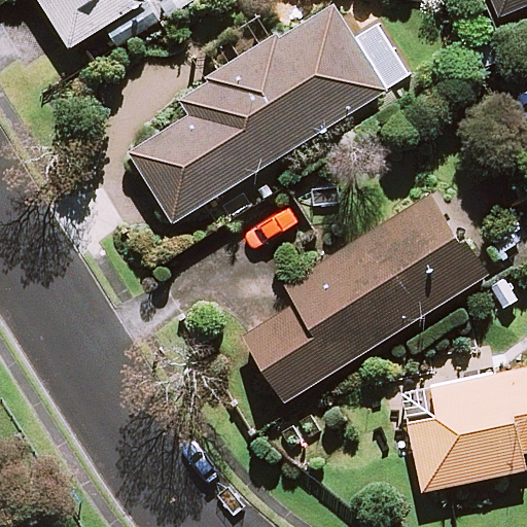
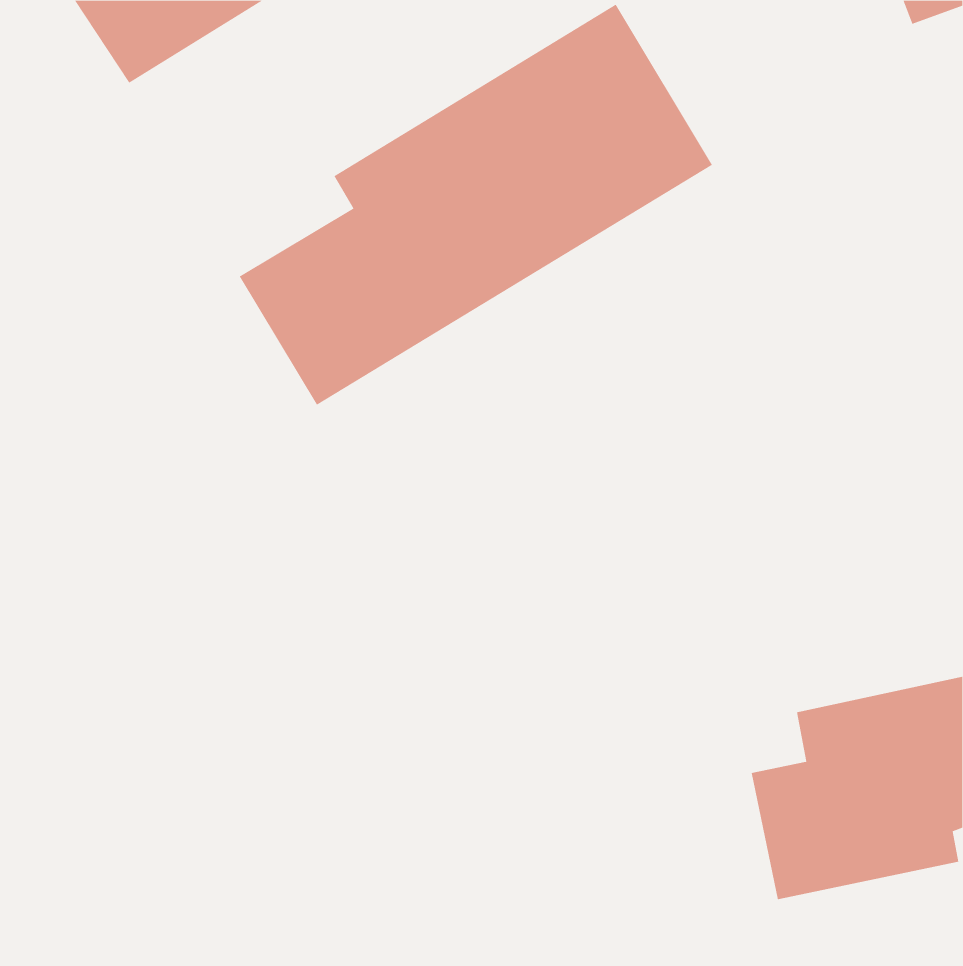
building: [245,191,485,400] -> none

